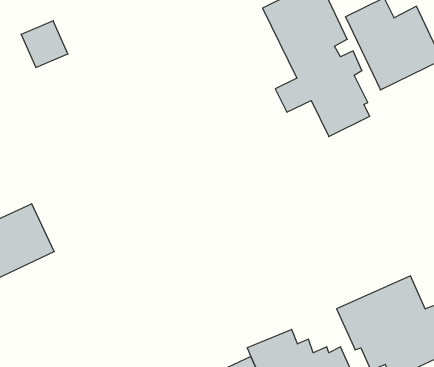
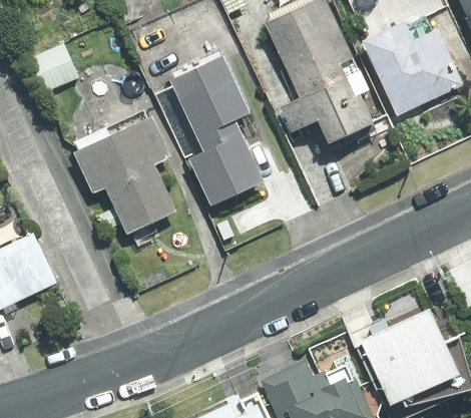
building: none -> [167,53,263,205]
building: none -> [71,115,175,234]

